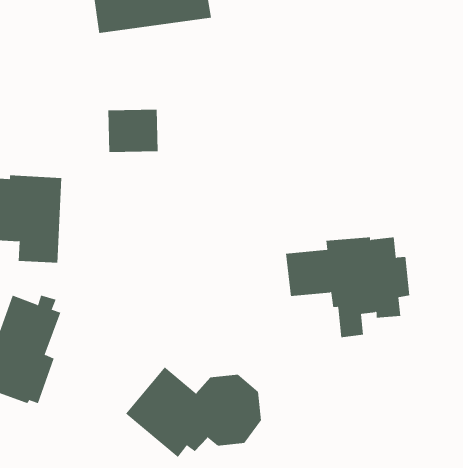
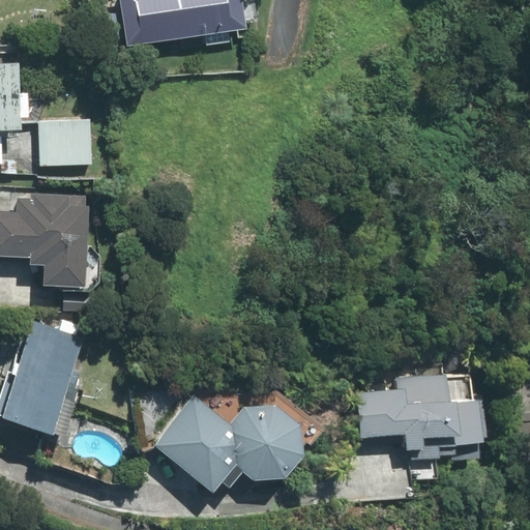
building: [107,109,158,152] -> [40,121,94,167]
building: [285,237,410,338] -> [354,374,485,480]

